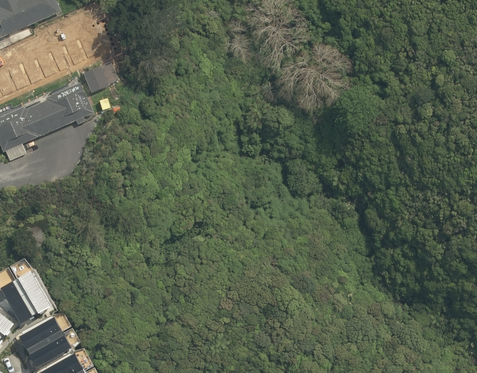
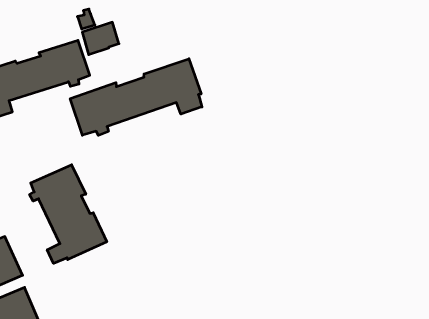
building: none -> [70,59,202,135]
building: none -> [30,165,107,263]

